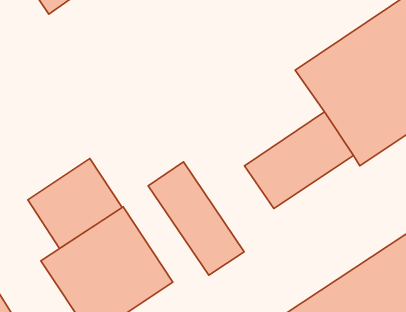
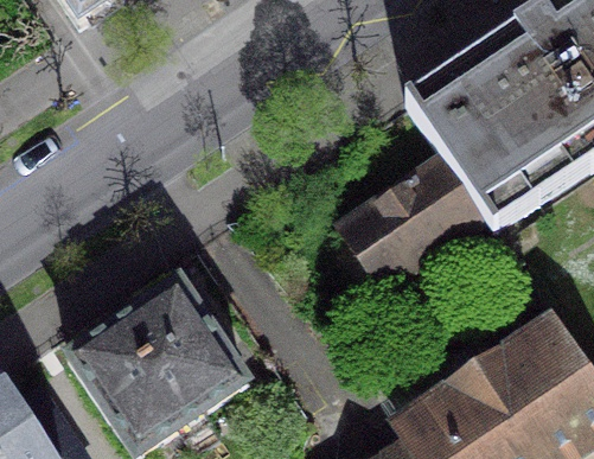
building: [28,158,122,248] -> none
building: [148,162,244,275] -> none

